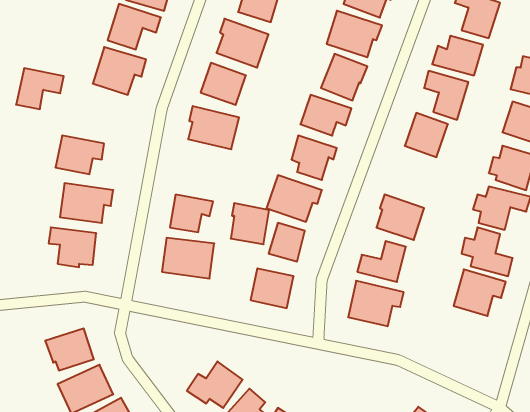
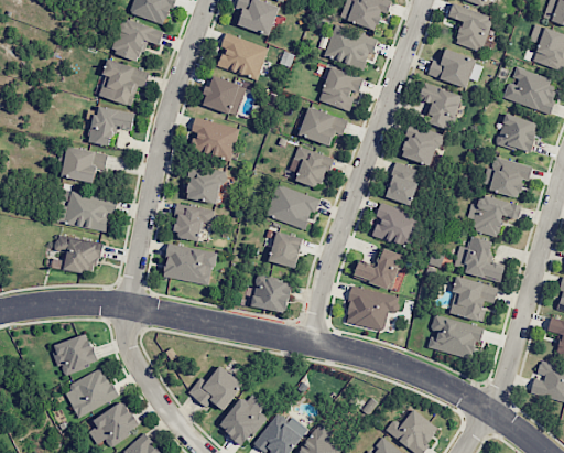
building: [16,68,64,109] -> [88,106,134,145]
building: none -> [384,162,421,205]
building: [231,203,269,244] -> [186,164,224,204]
building: none -> [427,314,482,359]

